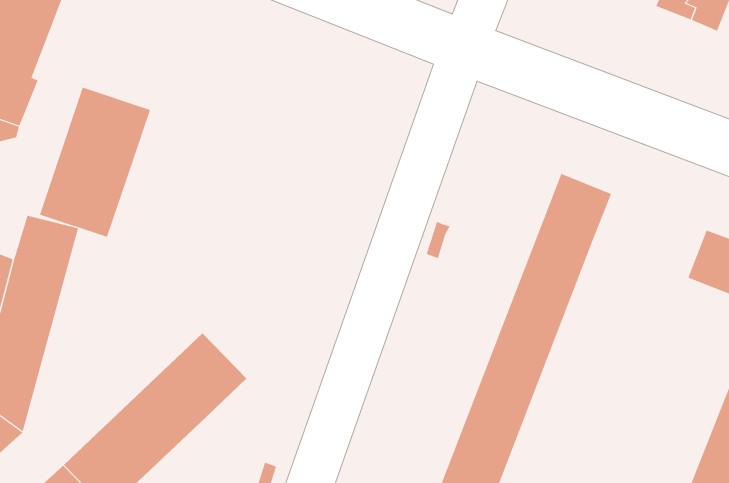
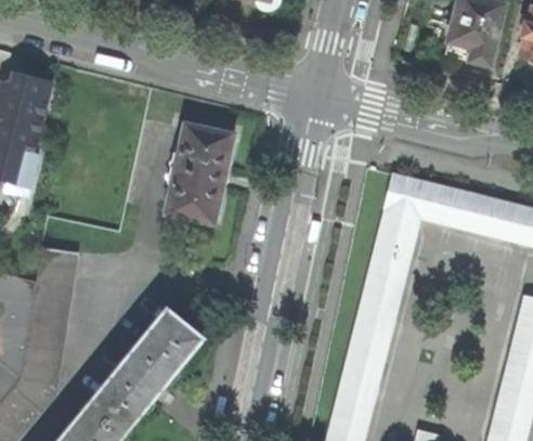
building: [39,87,151,238] -> [165,124,231,222]
building: none -> [420,183,495,233]

